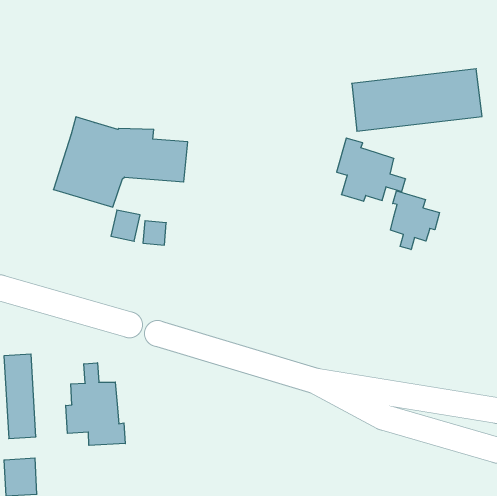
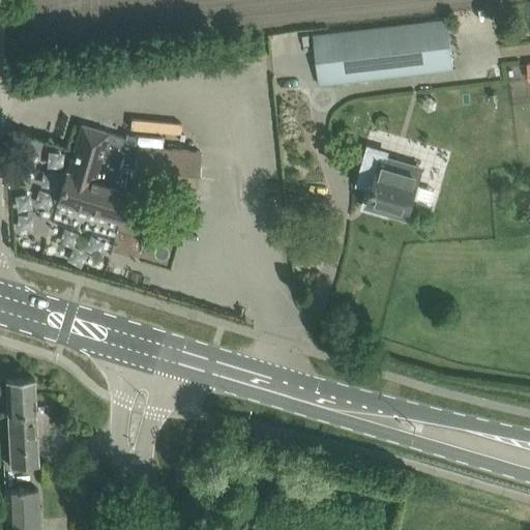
building: [352,69,482,131] -> [314,20,452,86]
building: [390,191,440,250] -> none
building: [66,363,125,445] -> none

